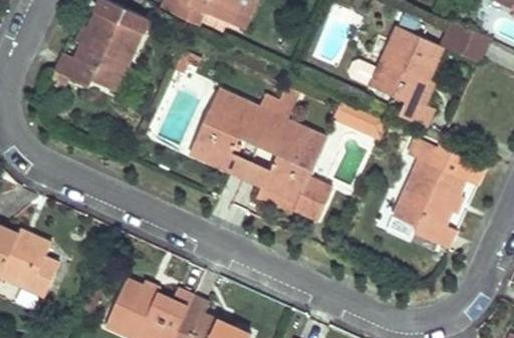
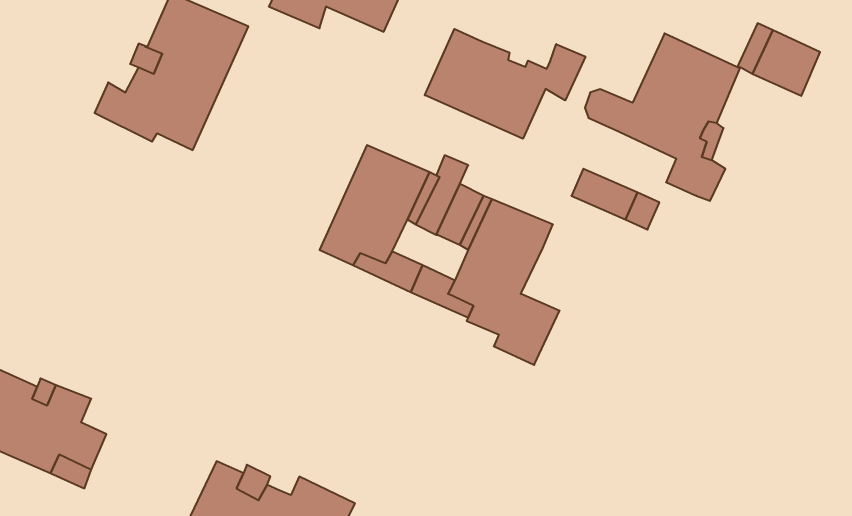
building: none -> [425,29,585,139]
building: [393,136,483,248] -> none

